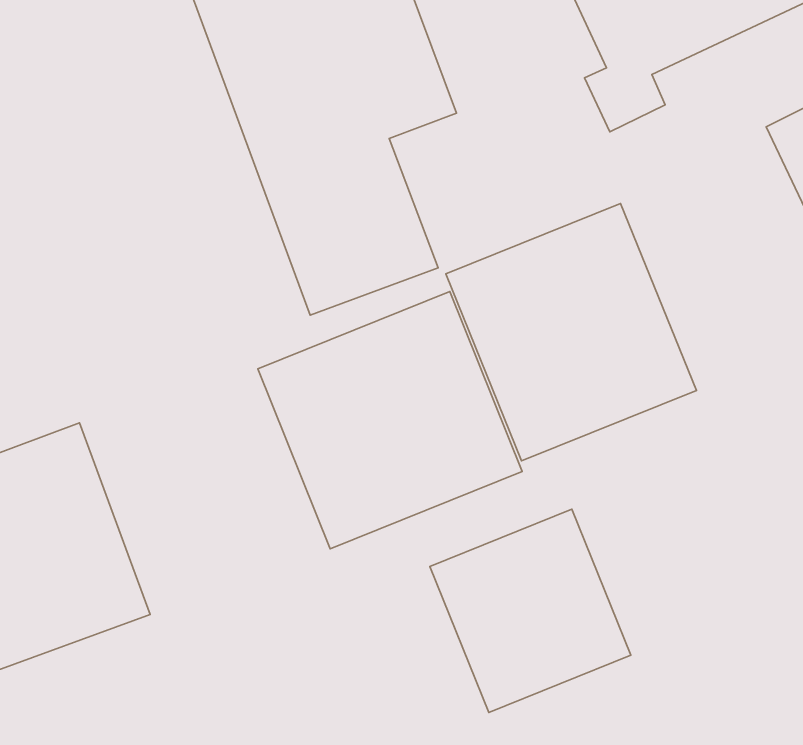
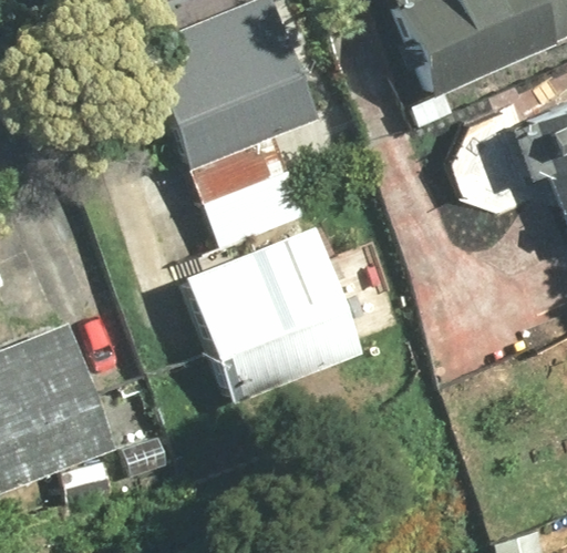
building: [446,203,696,461] -> none
building: [430,509,631,712] -> none

